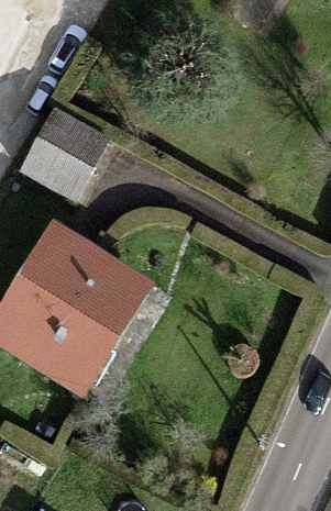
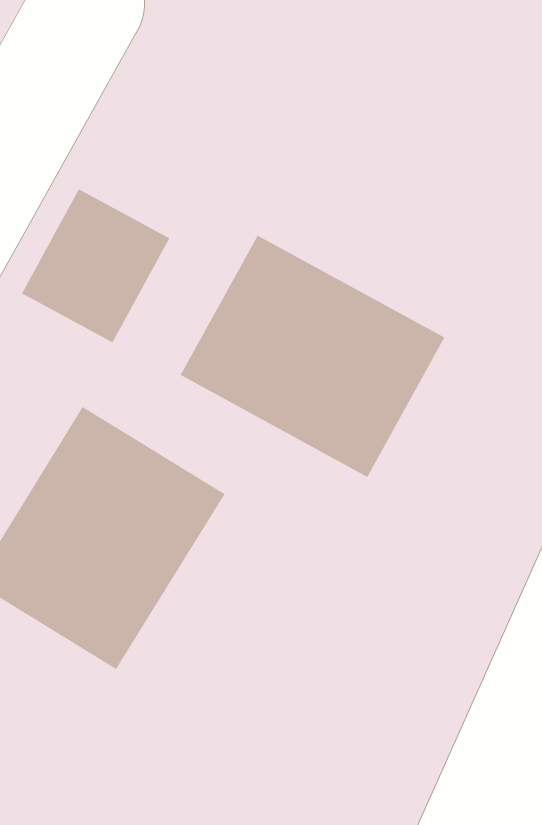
building: none -> [180,235,445,478]

